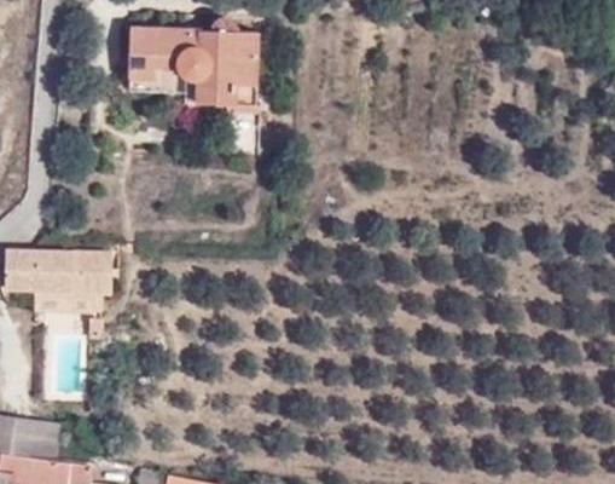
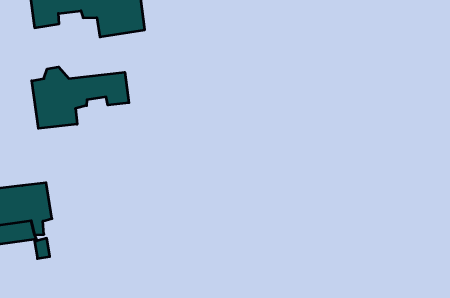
building: none -> [32,67,129,128]

